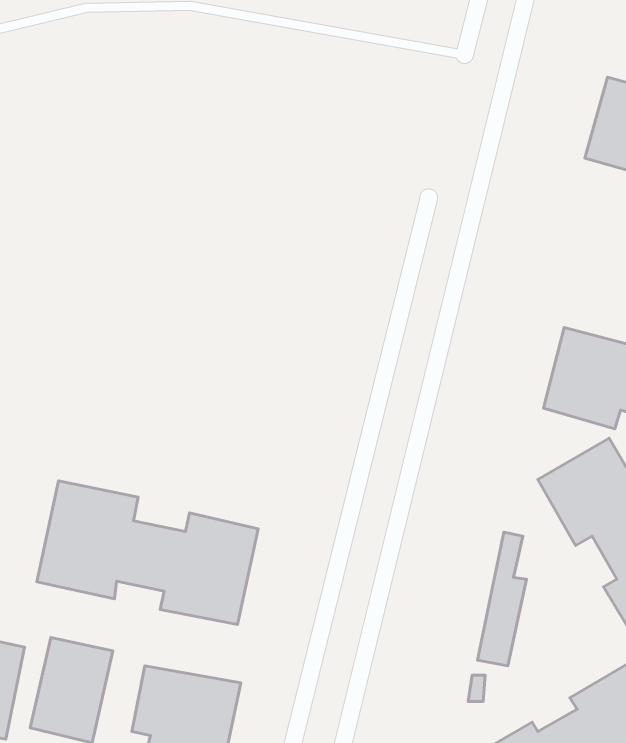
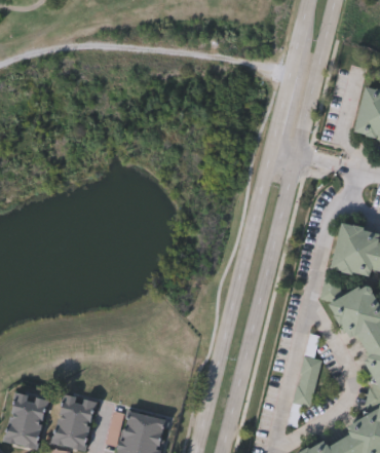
building: [37,481,258,624] -> none

